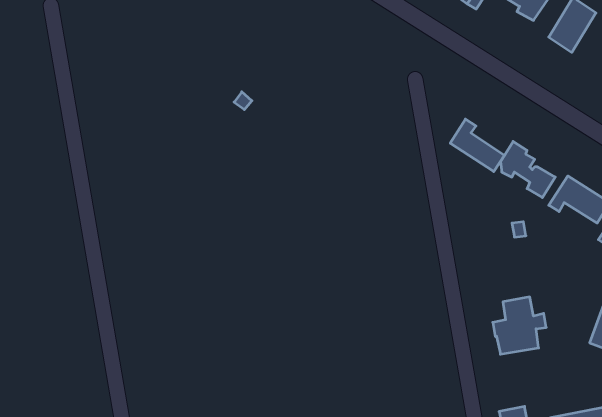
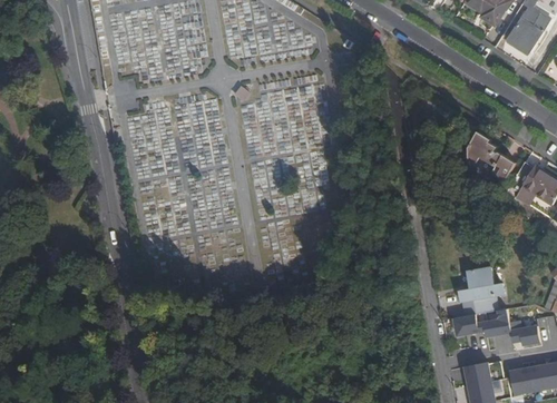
building: [450,119,505,172] -> none
building: none -> [452,309,539,345]

